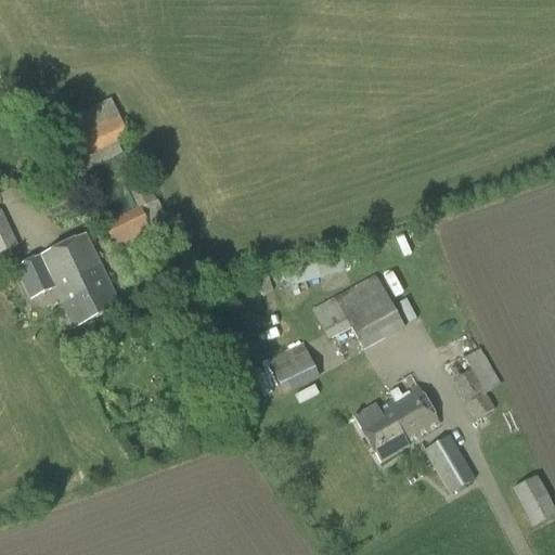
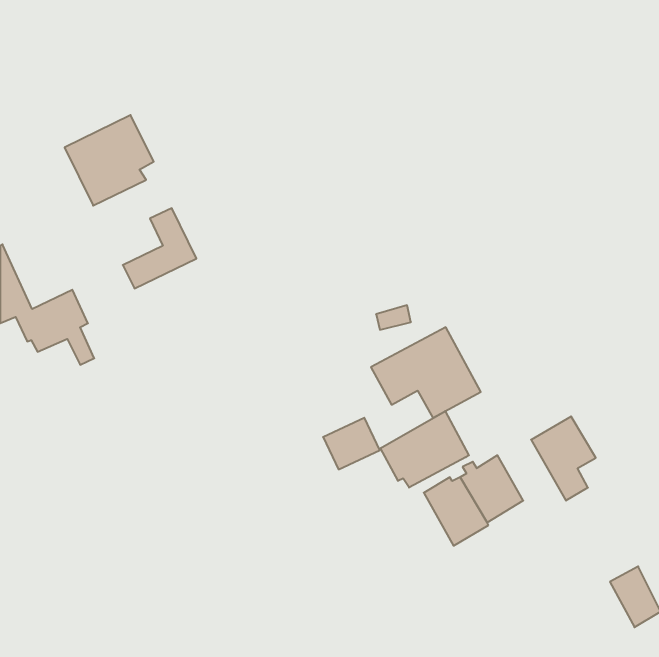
building: [62,231,120,322] -> none
building: none -> [381,411,469,488]
building: [424,435,476,494] -> none

